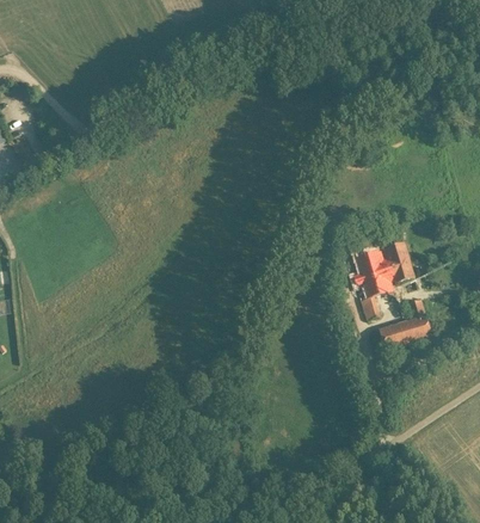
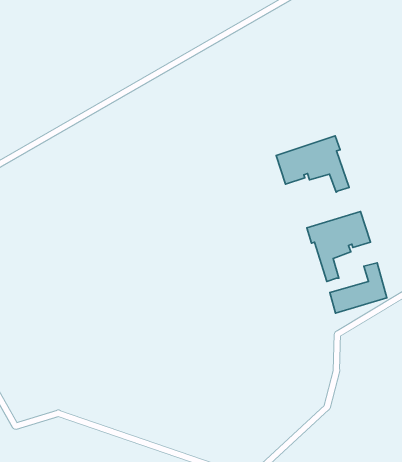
building: none -> [276,136,349,192]

